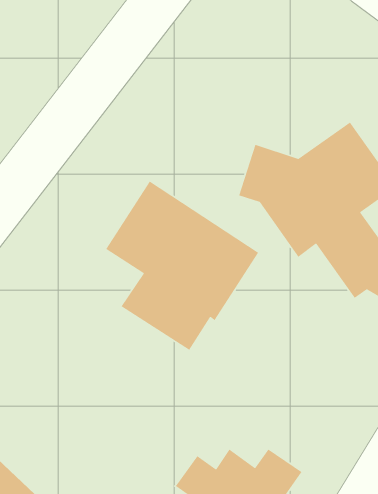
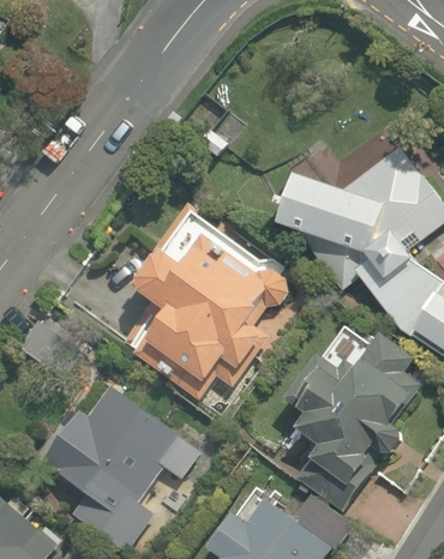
building: none -> [281,335,419,511]
building: none -> [42,379,203,523]

